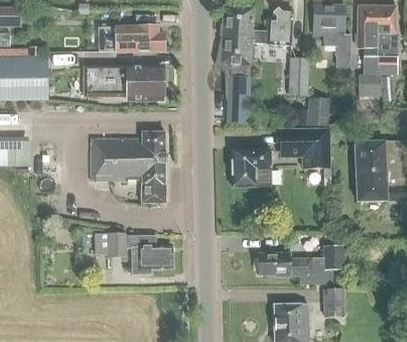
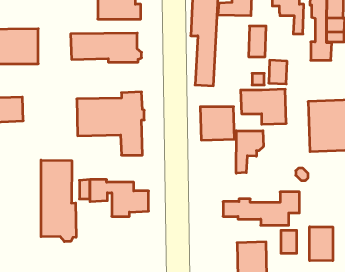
building: none -> [236,131,263,173]
building: none -> [41,160,76,242]
building: none -> [310,227,333,261]

